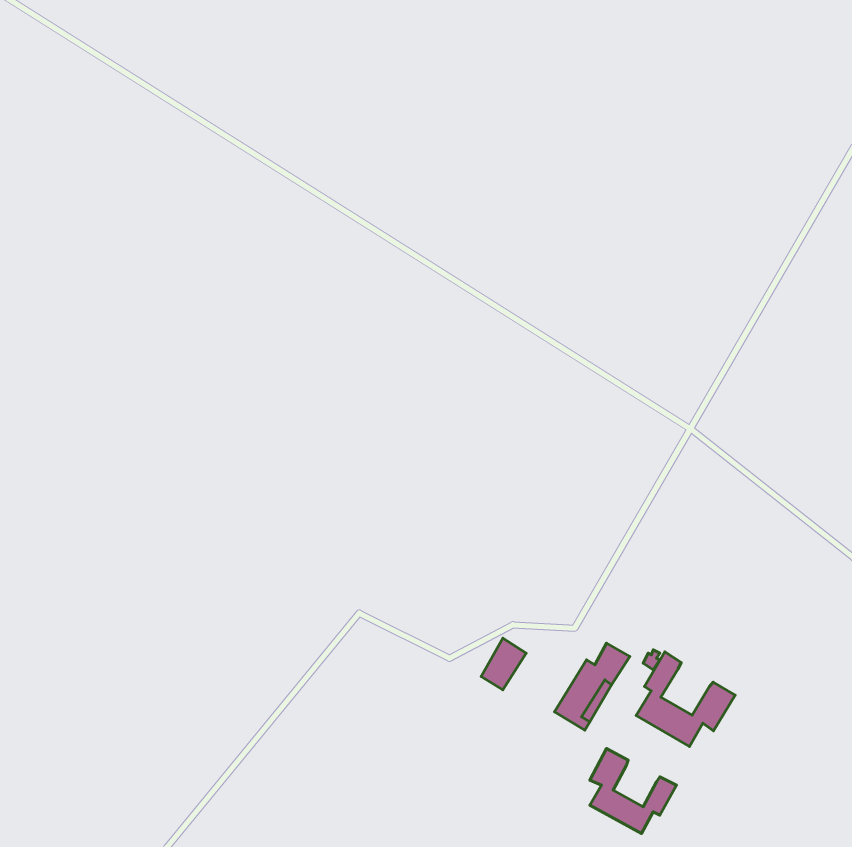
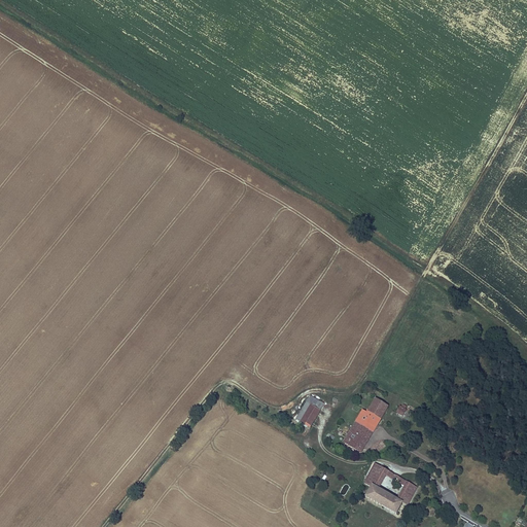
building: [636,652,735,747] -> none

